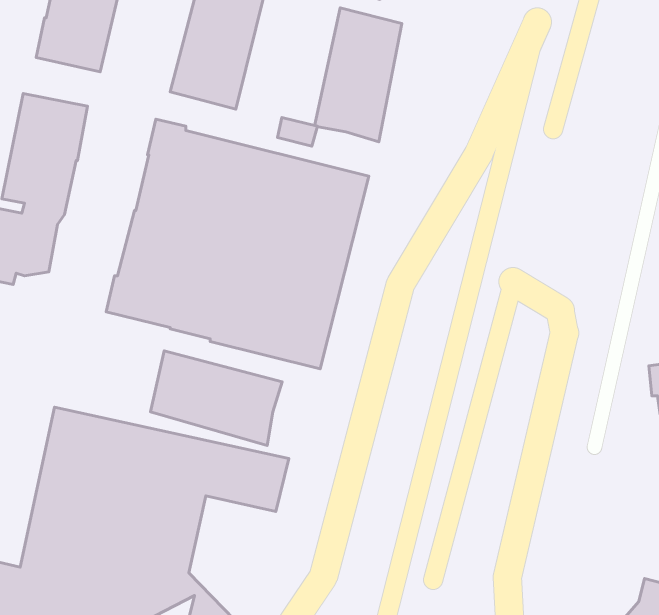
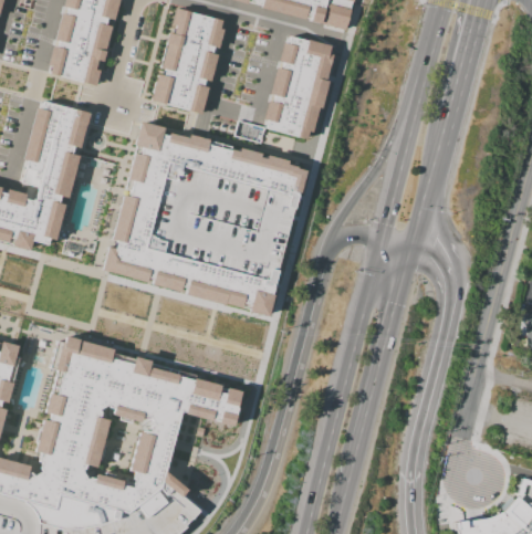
building: [150,351,282,445] -> none

